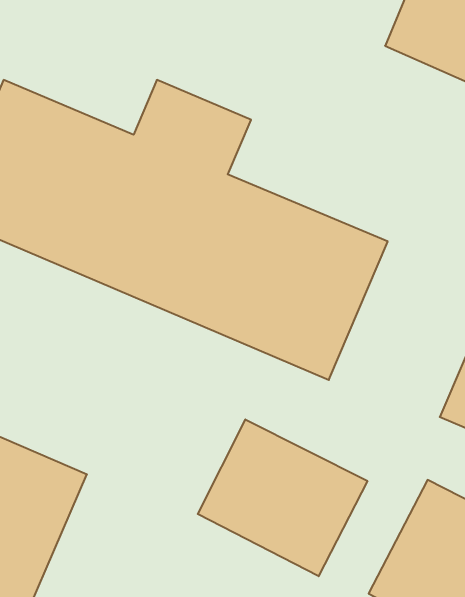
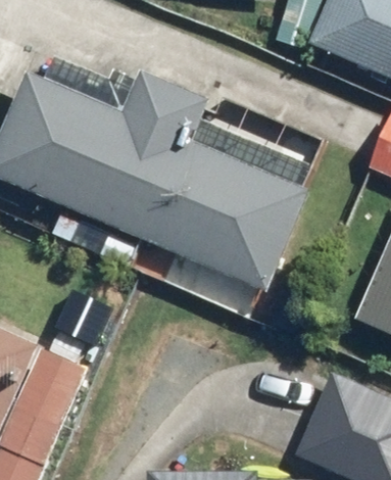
building: [198,419,367,576] -> none

